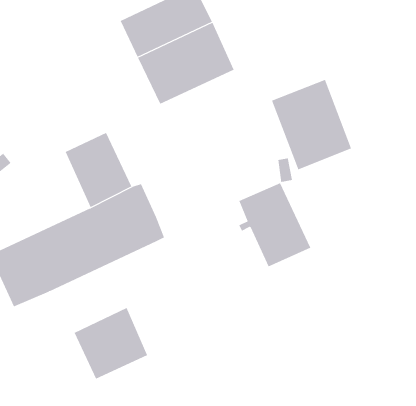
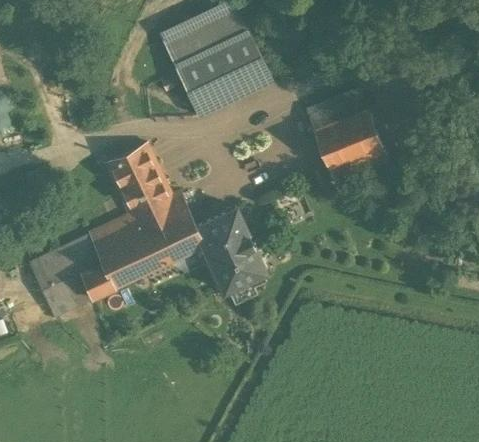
building: [238,182,311,267] -> [195,208,266,291]
building: [74,307,148,379] -> none

